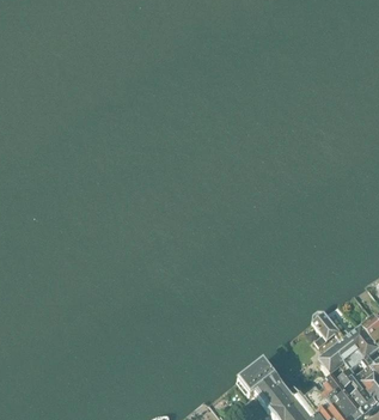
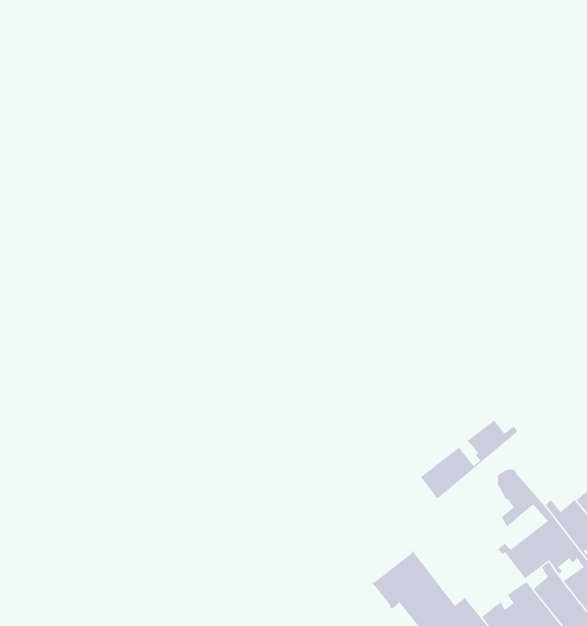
building: none -> [420,419,518,499]

